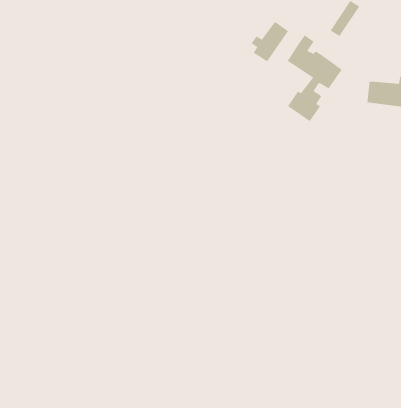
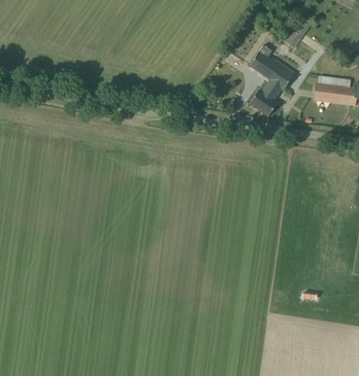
building: [251,21,289,62] -> none

